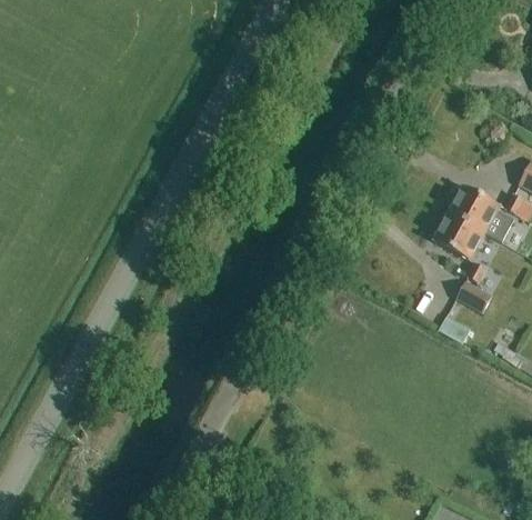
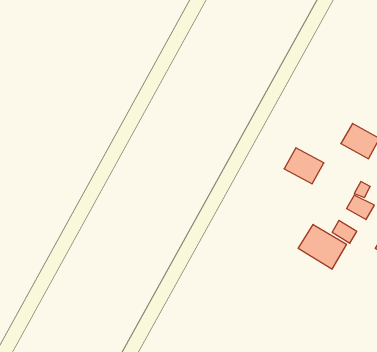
building: [433,213,485,261] -> [284,148,324,184]
building: none -> [298,224,346,269]

